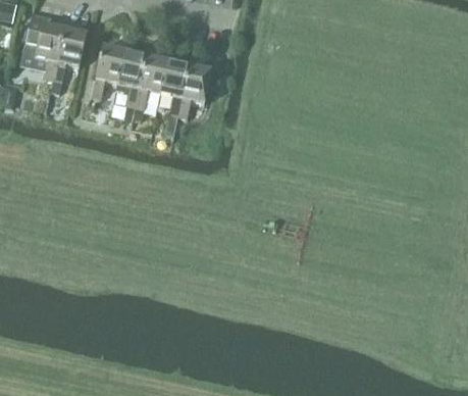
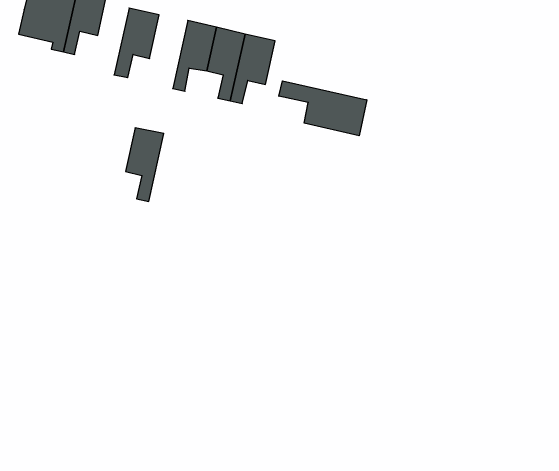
building: [118,49,147,104] -> [126,128,164,201]
building: none -> [279,81,367,136]

